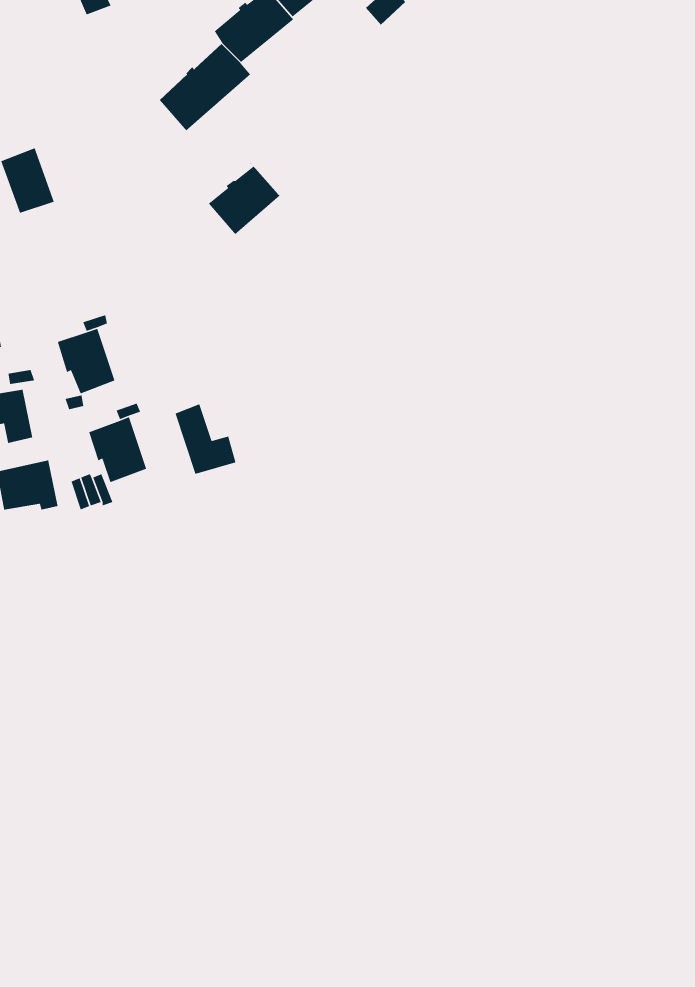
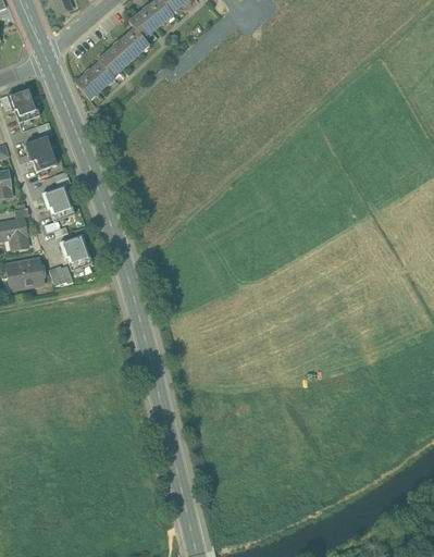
building: [208,162,280,235] -> [74,59,114,99]
building: none -> [25,133,58,172]
building: [174,403,237,475] -> none

